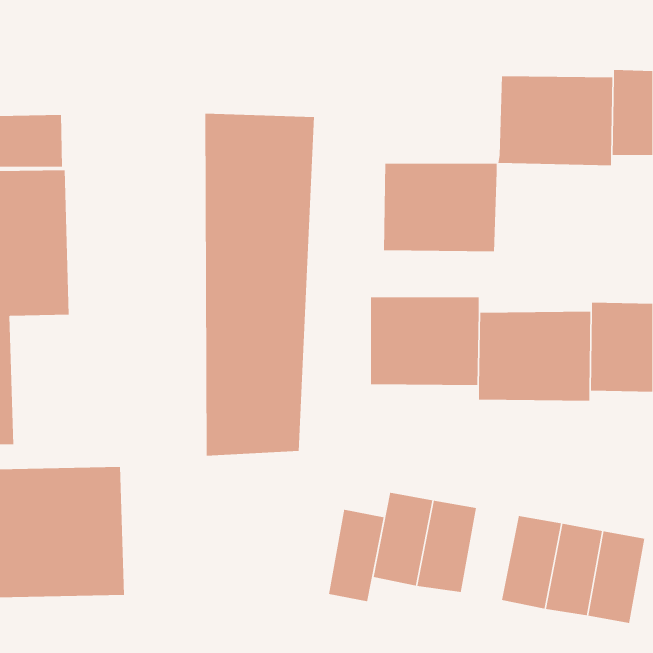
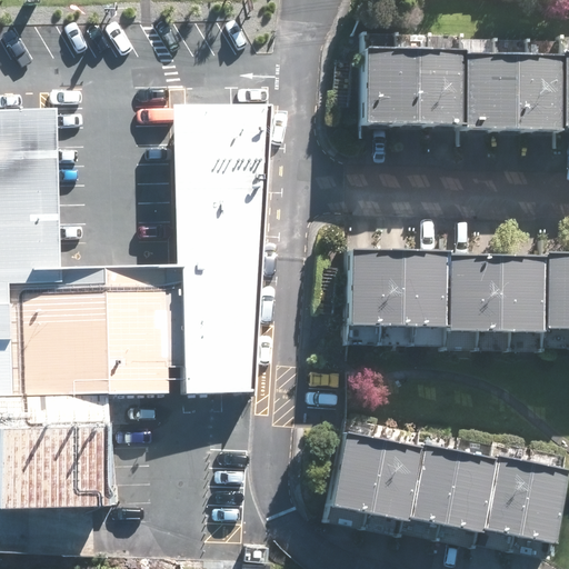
building: [383,163,497,252] -> [335,58,433,134]
building: none -> [17,278,170,392]
building: [328,509,385,602] -> [399,439,448,519]

